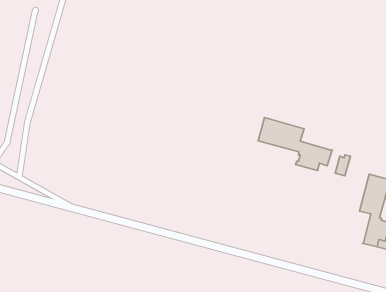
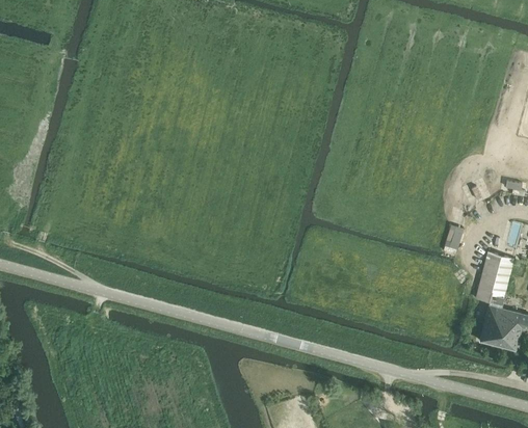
building: [258,118,332,170] -> none

